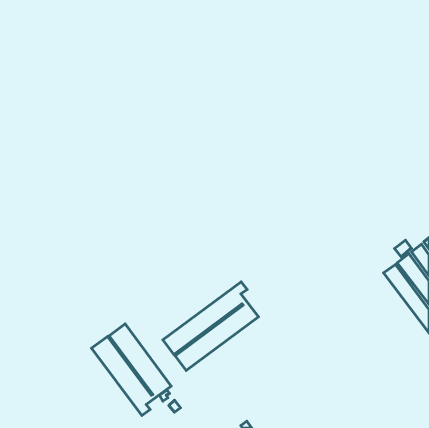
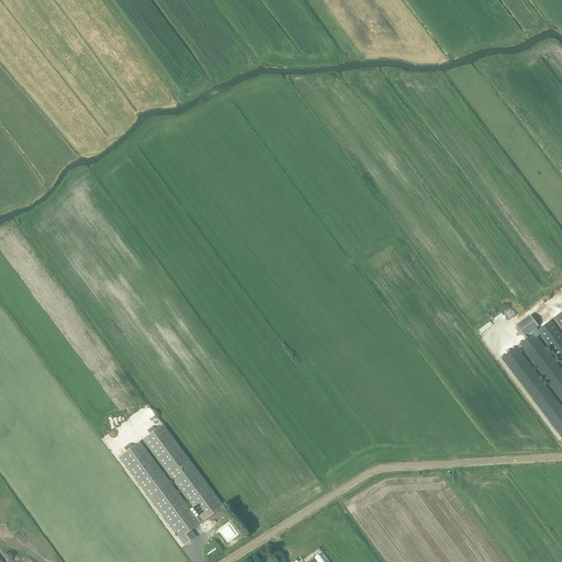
building: [163,282,258,371] -> none

